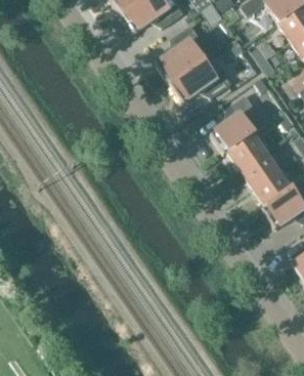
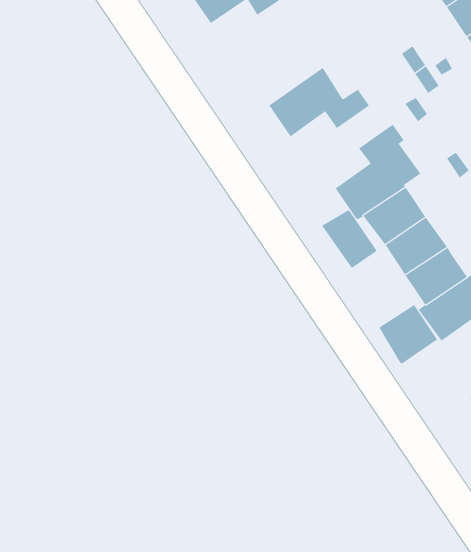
building: [157,25,217,83] -> none
building: none -> [322,209,377,269]
building: none -> [378,304,438,364]

